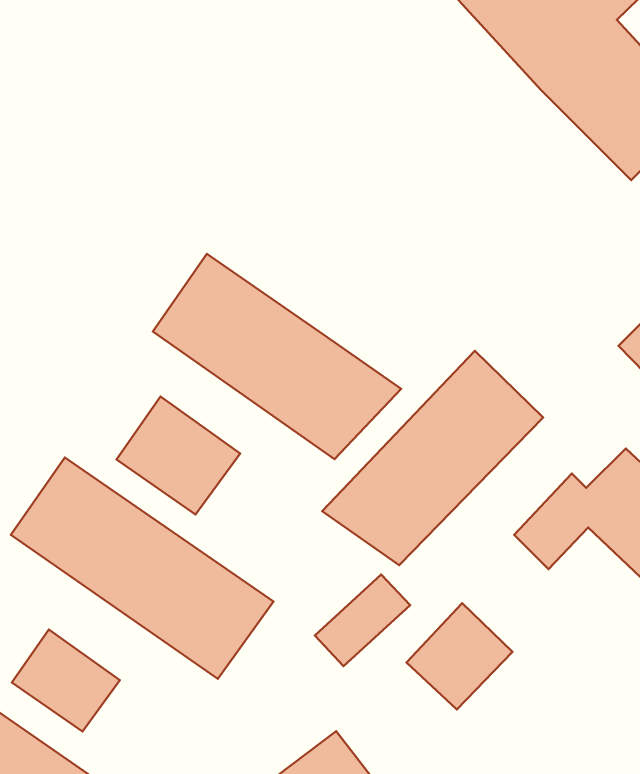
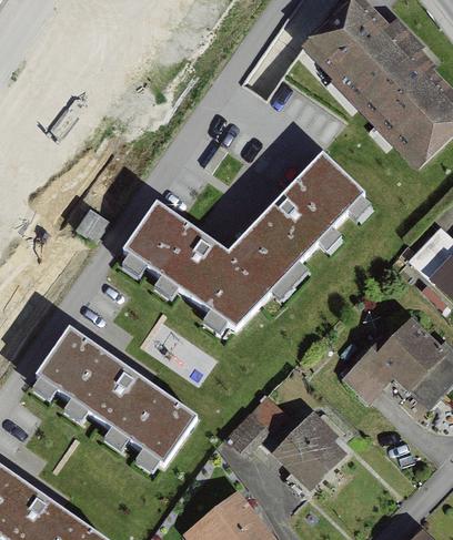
building: [322,351,543,565] -> [229,153,365,285]
building: [117,396,240,515] -> none
building: [12,629,120,731] -> none

